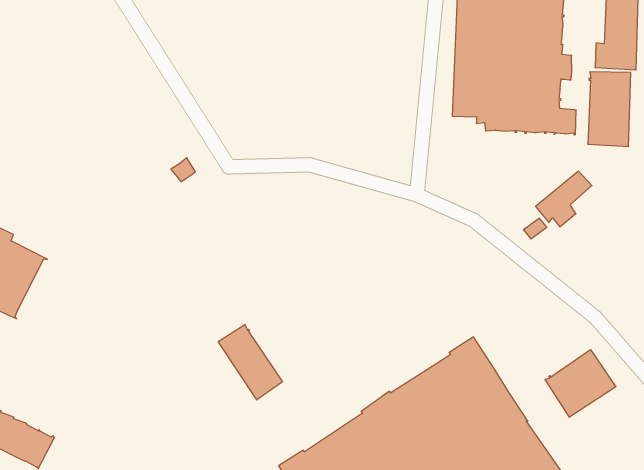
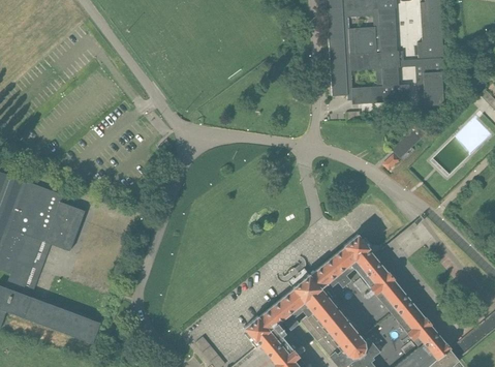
building: [218,324,283,400] -> none
building: [545,350,616,417] -> none

